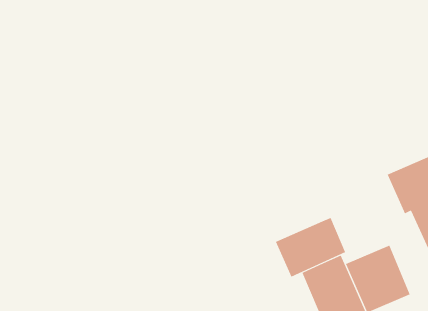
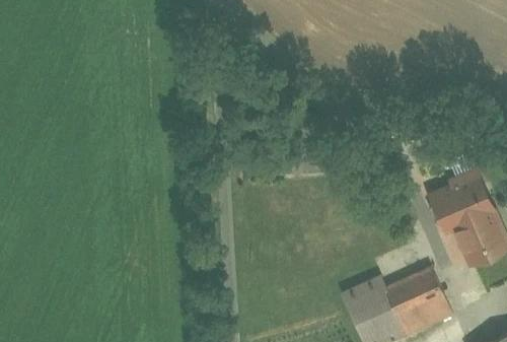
building: [275,217,346,277] -> none

